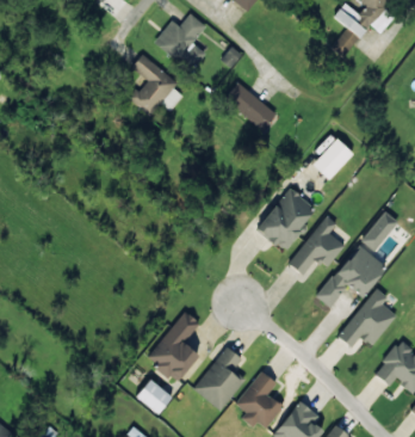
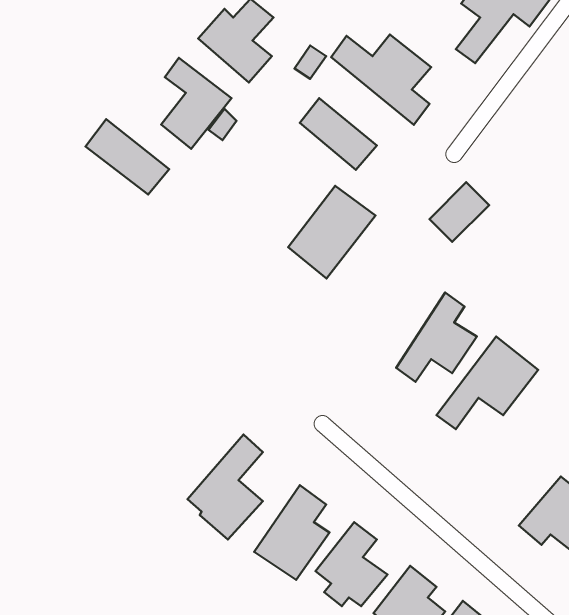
building: none -> [331,34,431,125]
building: none -> [86,119,169,195]
building: [256,187,316,251] -> [288,186,376,279]
building: [361,210,398,251] -> none
building: [336,288,397,347] -> none
building: [136,378,172,413] -> none

